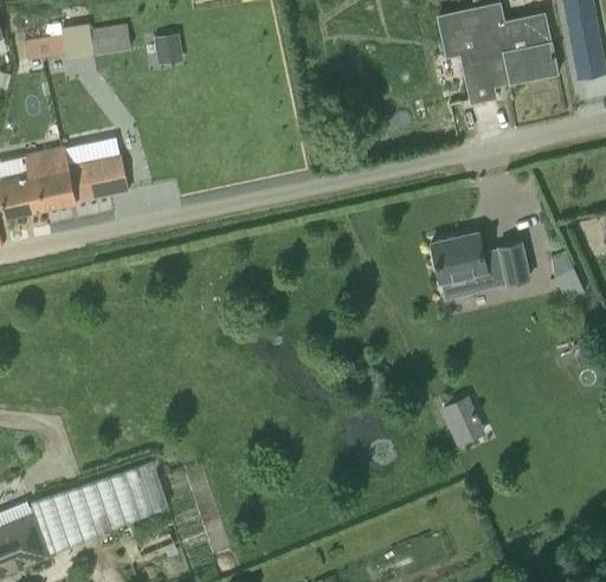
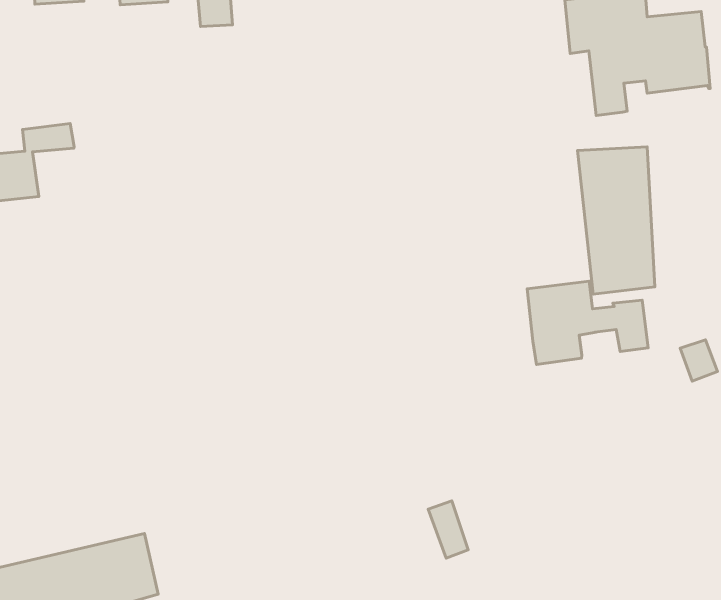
building: none -> [577,147,655,294]
building: [37,137,128,208] -> none
building: [439,401,473,446] -> [428,501,468,558]

